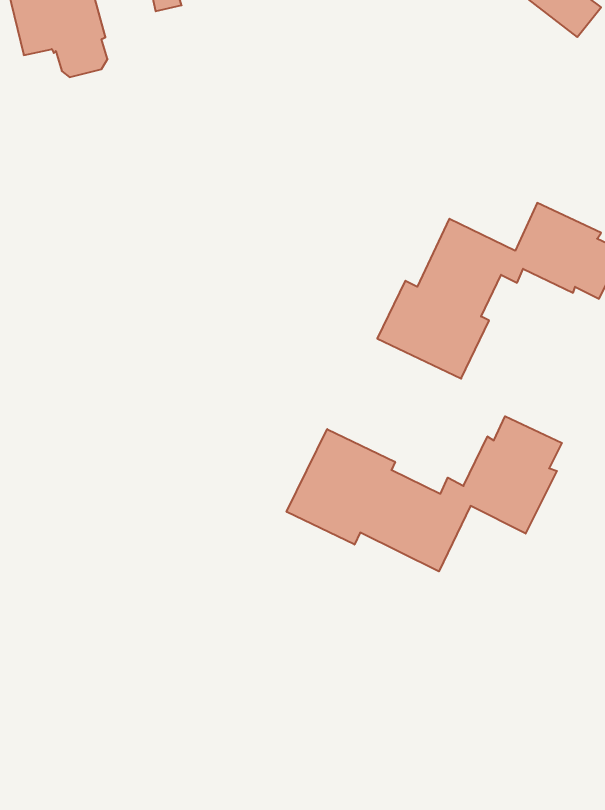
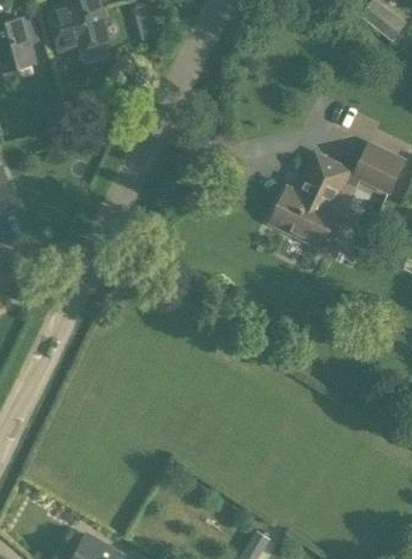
building: [287,416,562,571] -> none

